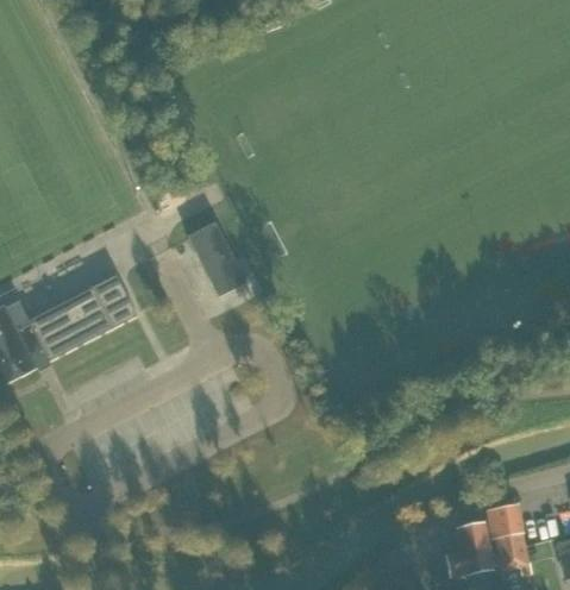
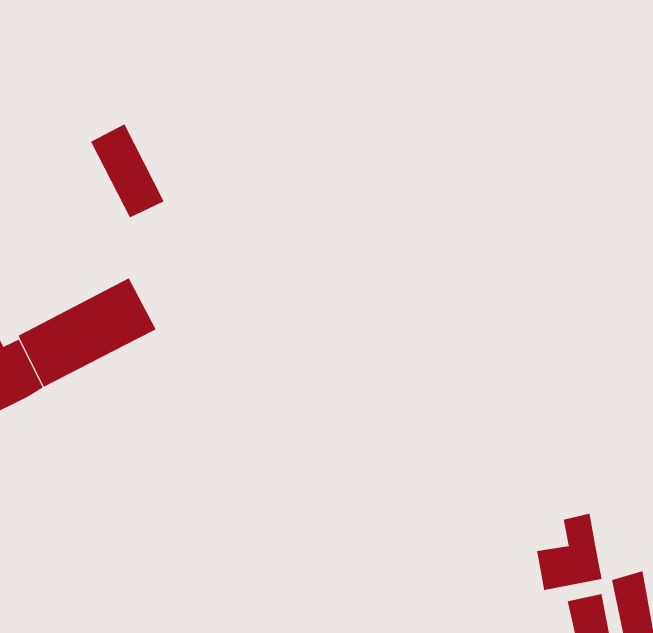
building: [187,222,245,296] -> [90,124,164,218]
building: none -> [537,513,602,591]

